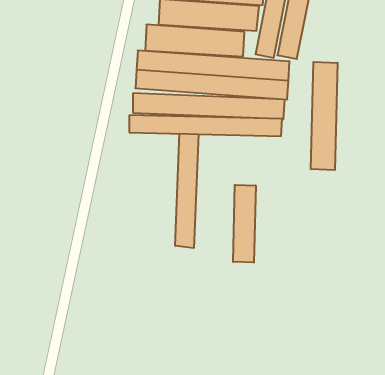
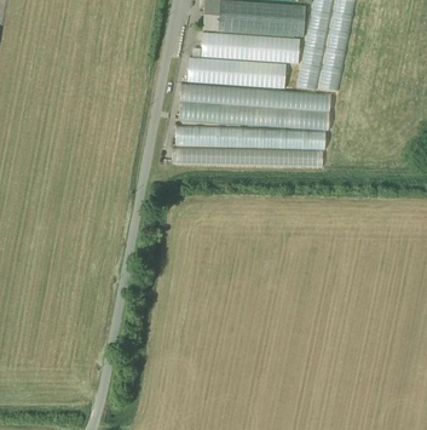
building: [311,62,338,170] -> none
building: [175,134,198,248] -> none
building: [233,185,256,263] -> none

